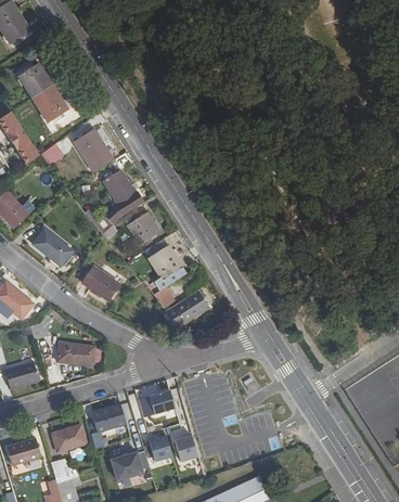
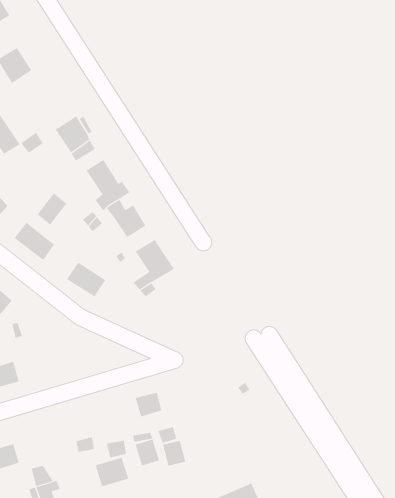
building: [31,85,66,123] -> none
building: none -> [37,193,67,225]
building: [176,291,209,322] -> none
building: [57,342,95,365] -> none
building: [92,404,126,430] -> none
building: [52,425,86,452] -> none

